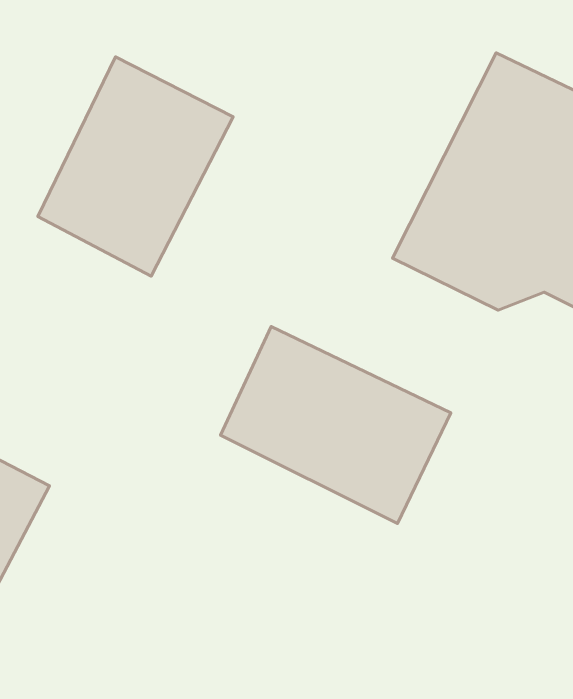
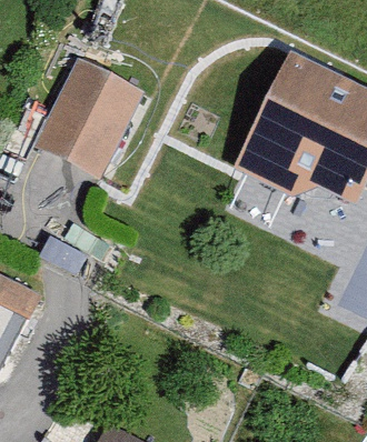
building: [221,326,451,524] -> none

